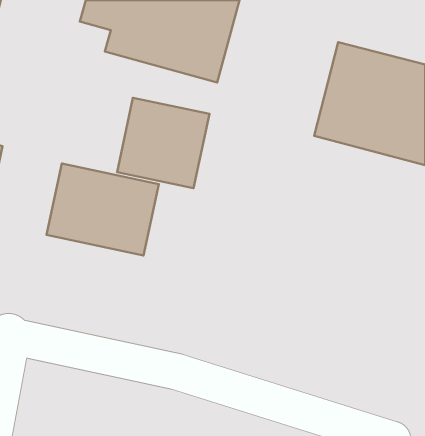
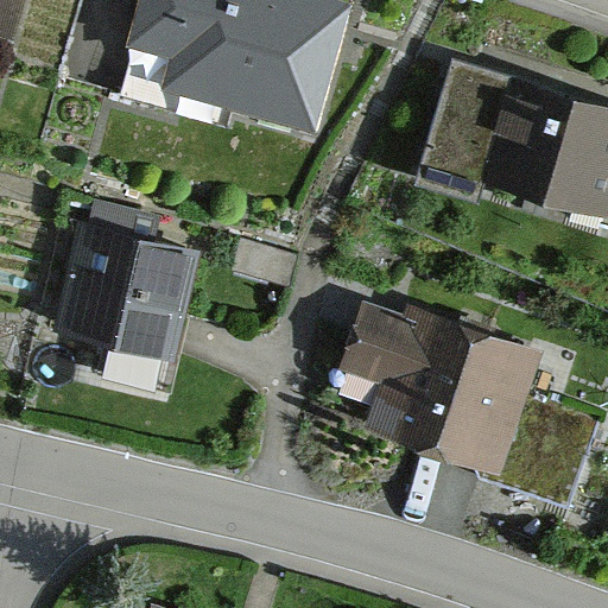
building: [117,98,209,188] -> none
building: none -> [365,305,580,506]

